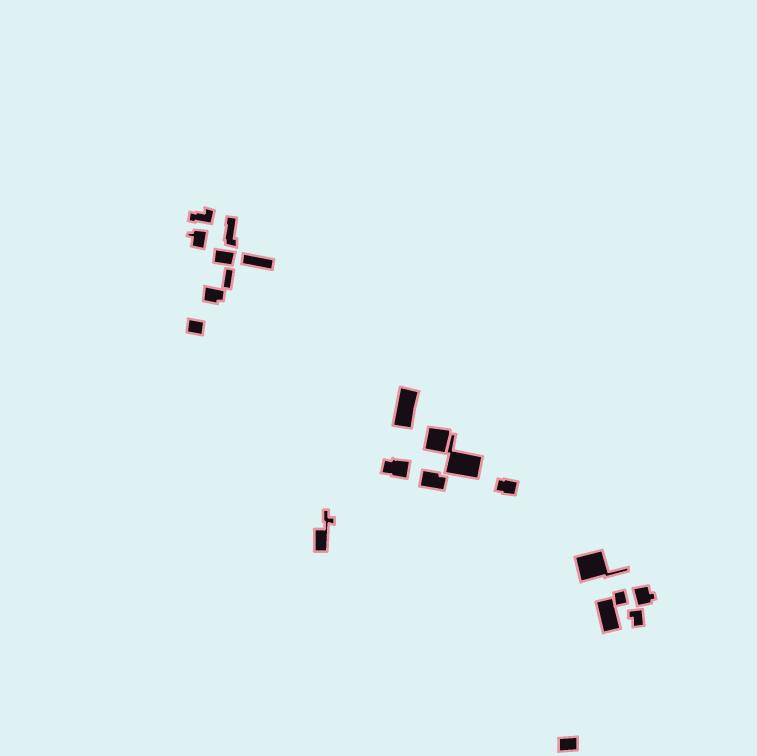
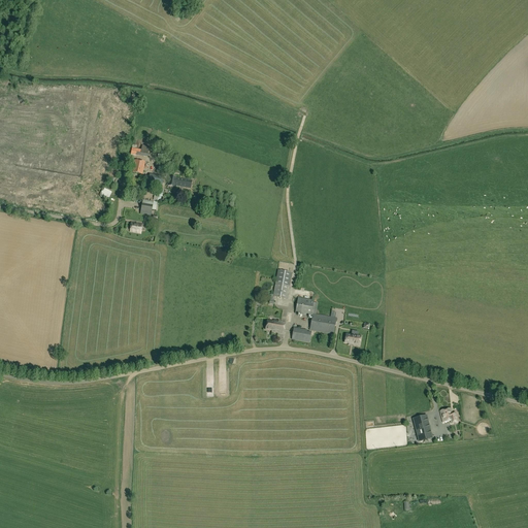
building: [575,550,629,582] -> none

